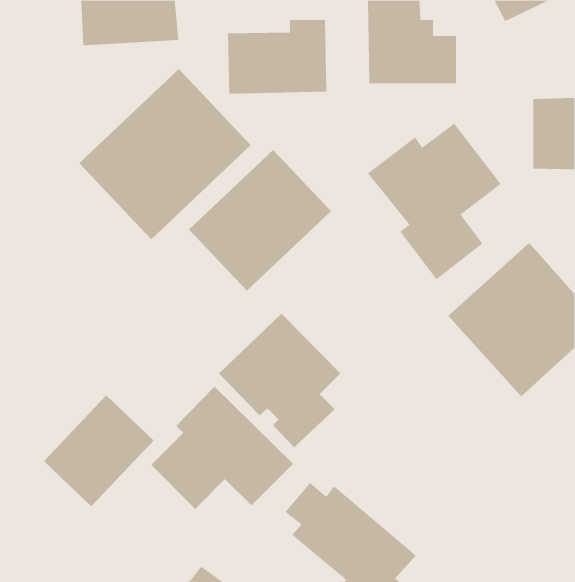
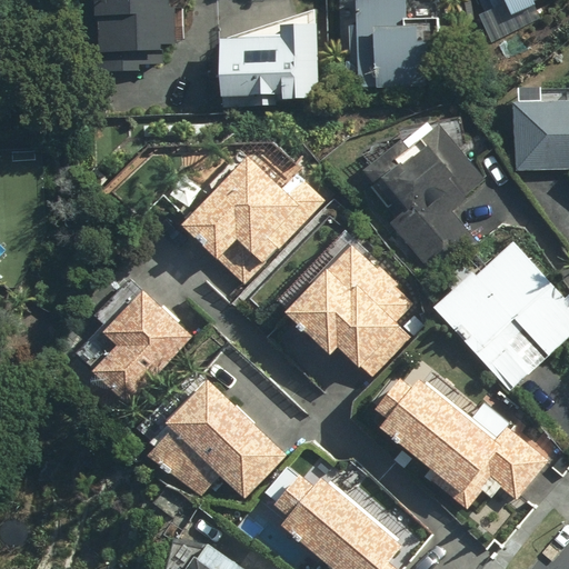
building: [78,68,251,240] -> none
building: [218,313,341,448] -> [291,247,410,378]
building: none -> [377,365,545,500]
building: [43,395,154,507] -> [83,291,191,400]

